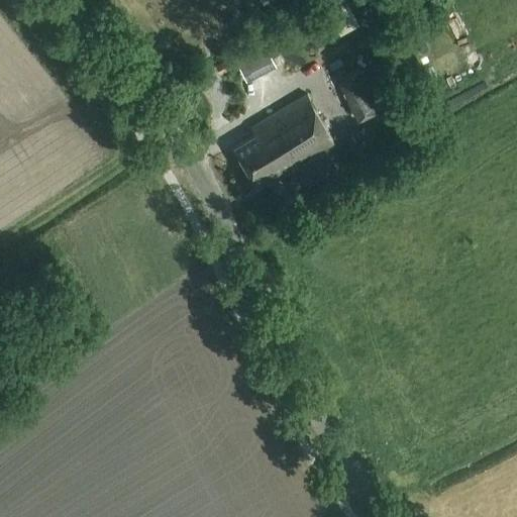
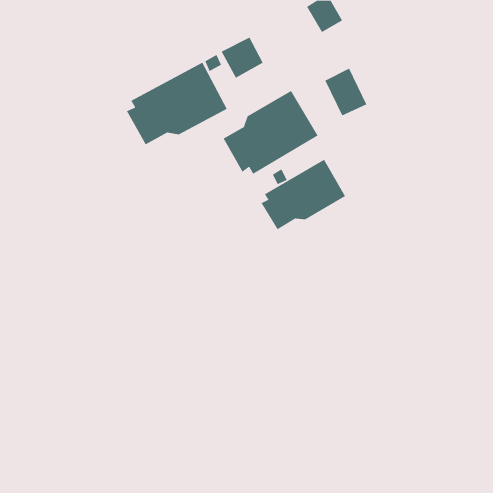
building: none -> [126,62,227,145]
building: none -> [261,159,346,230]

